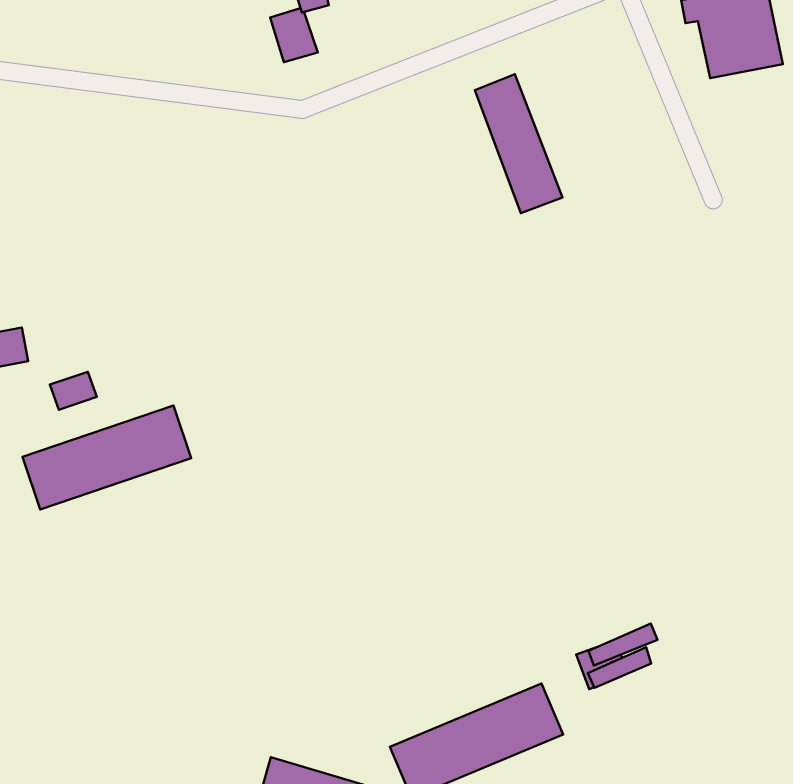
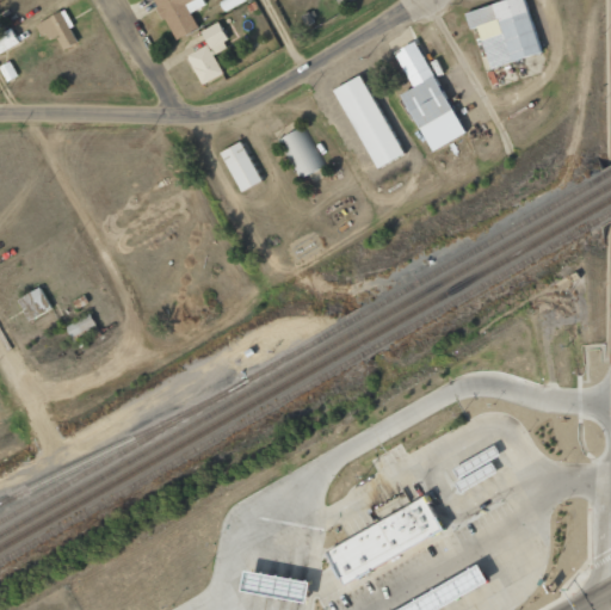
building: none -> [394,42,464,153]
building: none -> [277,128,326,180]
building: none -> [220,142,261,193]
building: [23,406,191,509] -> none

